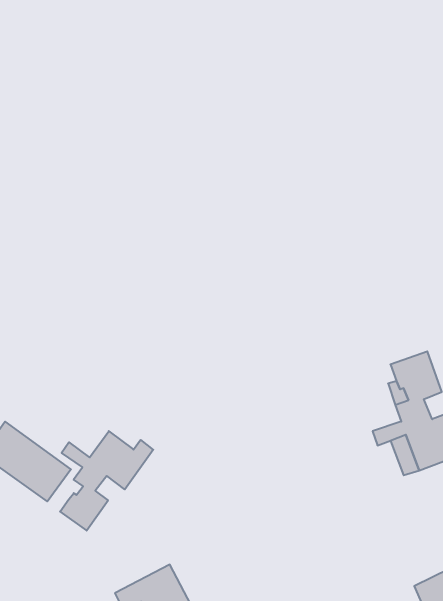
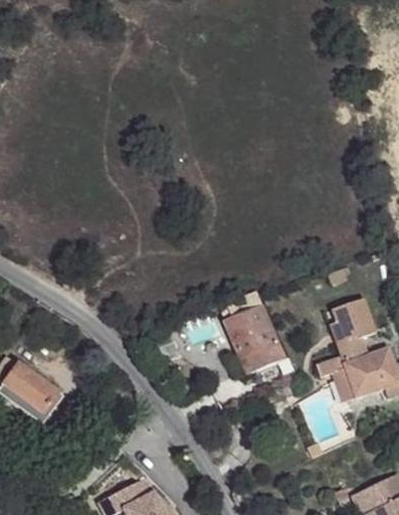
building: none -> [224,304,283,374]
building: [60,431,153,531] -> none

